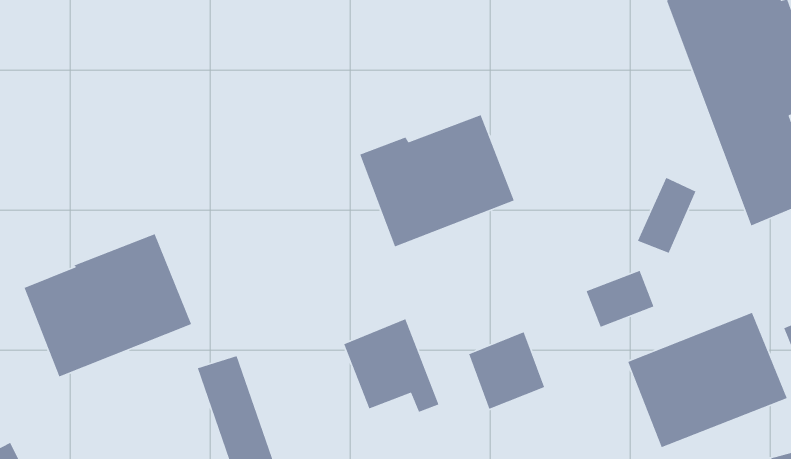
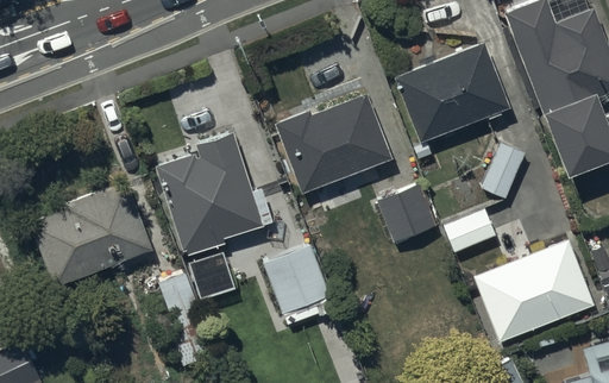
building: none -> [396,43,507,159]
building: none -> [156,133,262,255]
building: [468,331,545,410] -> [378,183,435,241]

